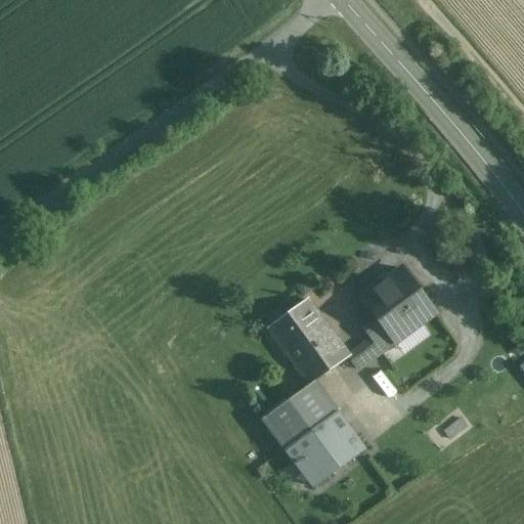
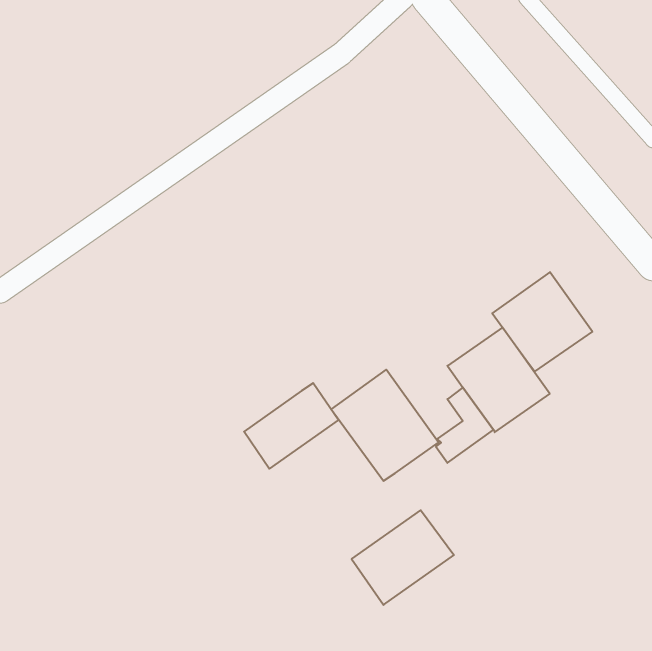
building: none -> [492,272,592,372]
building: [262,379,338,447] -> [244,383,339,469]

